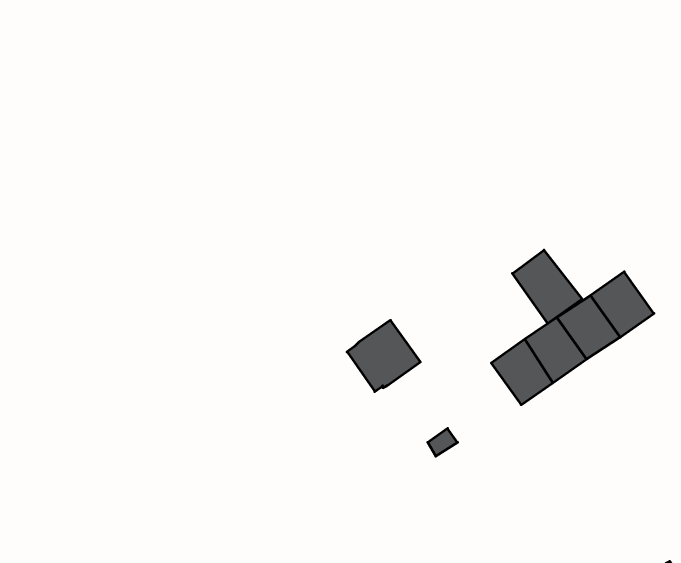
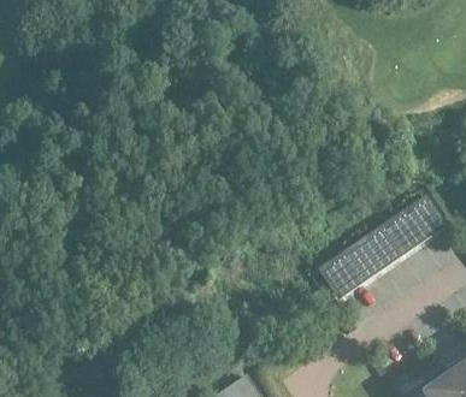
building: [512,250,582,323] -> none
building: [347,320,420,392] -> [318,248,362,291]

